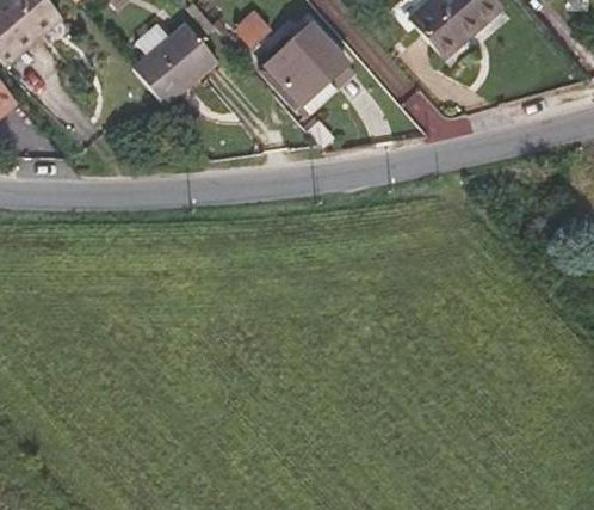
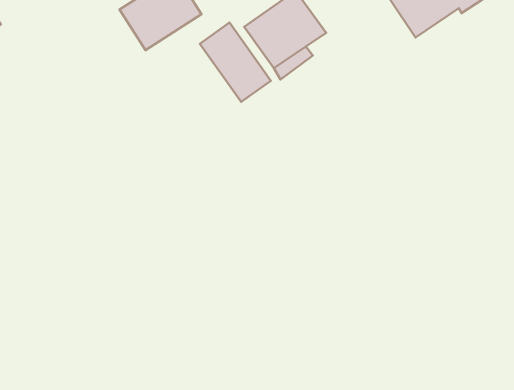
building: none -> [200,23,271,102]

